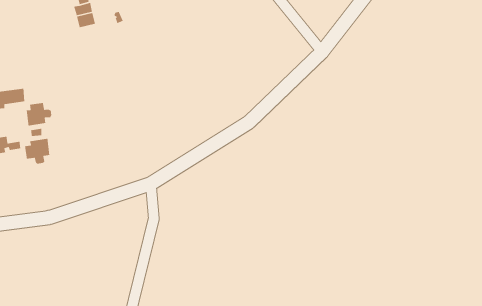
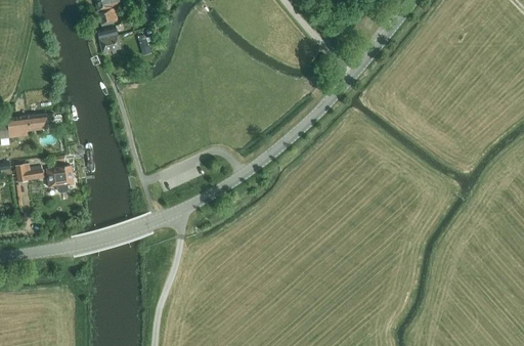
building: [26,102,52,127] -> none

